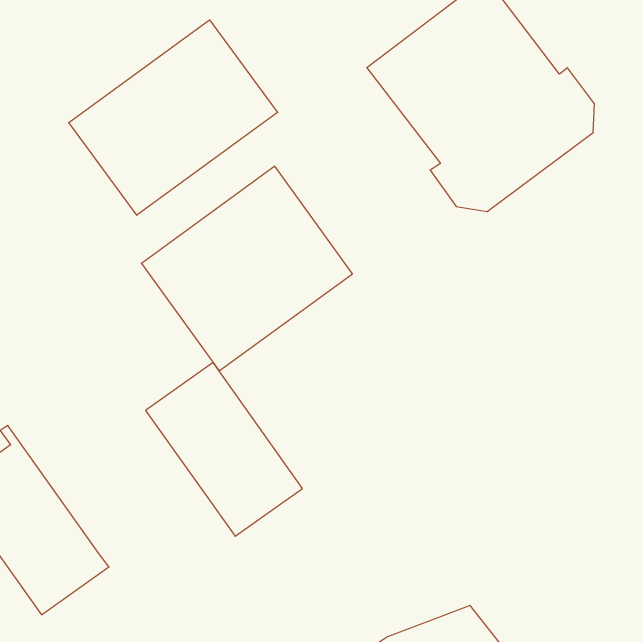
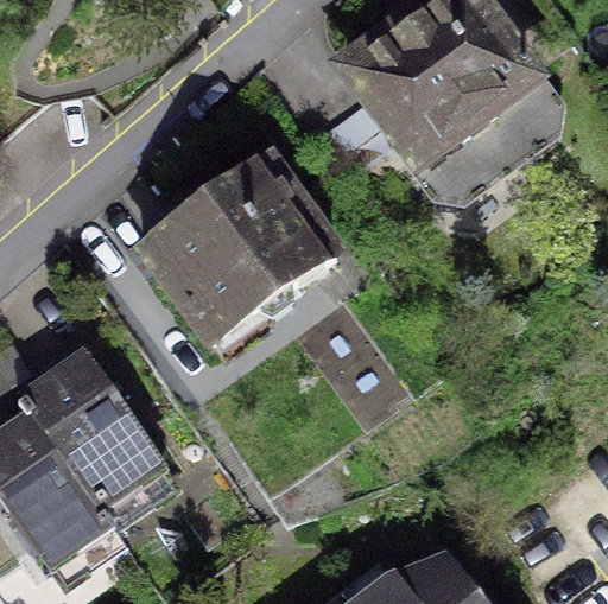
building: [69,20,278,215] -> none
building: [146,363,302,536] -> [19,348,163,507]

